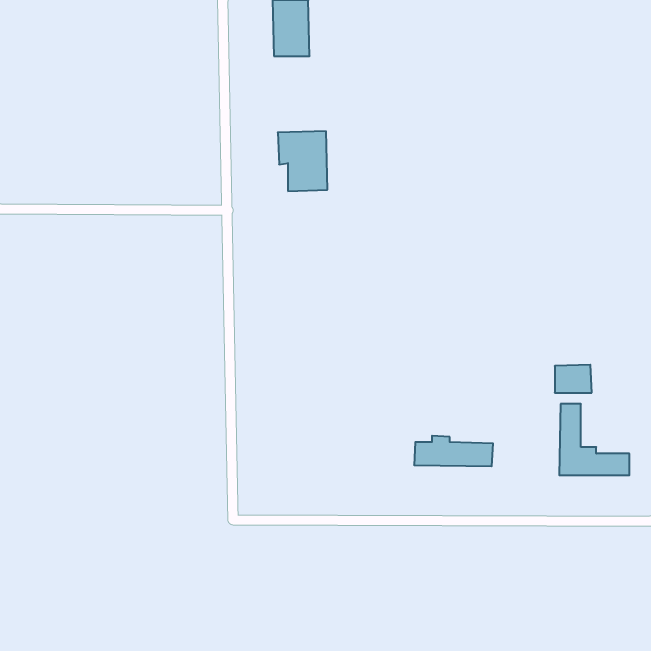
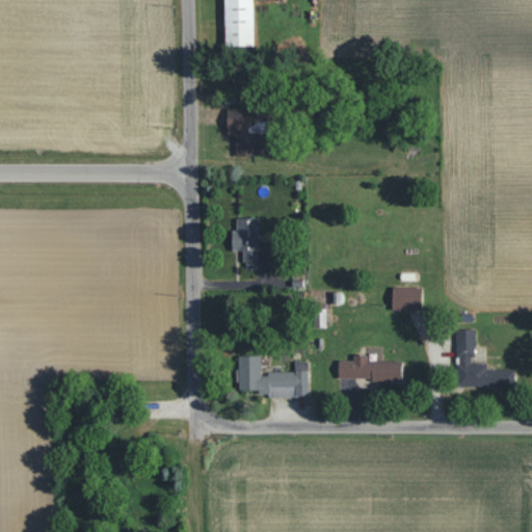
building: none -> [233,218,271,269]
building: [555,365,592,393] -> [392,287,422,310]
building: none -> [238,356,309,397]

